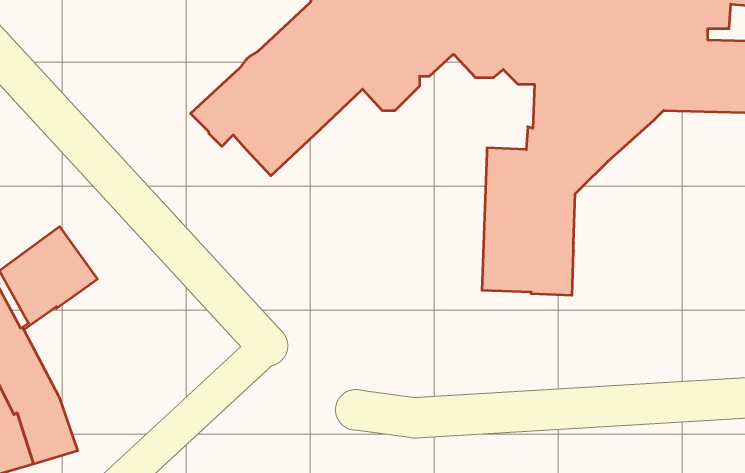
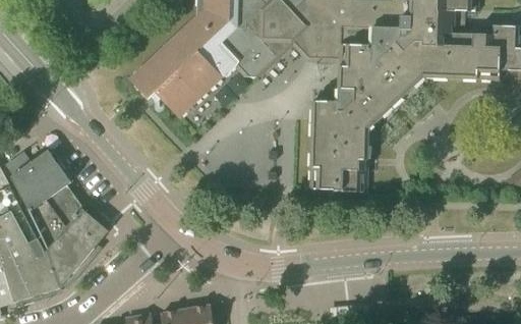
building: none -> [25,184,108,288]

